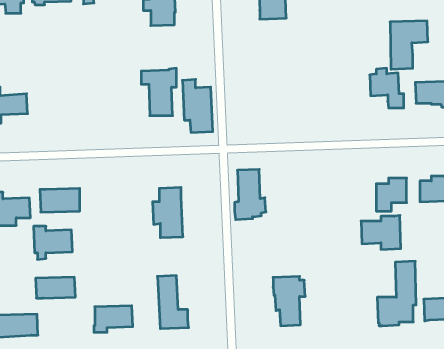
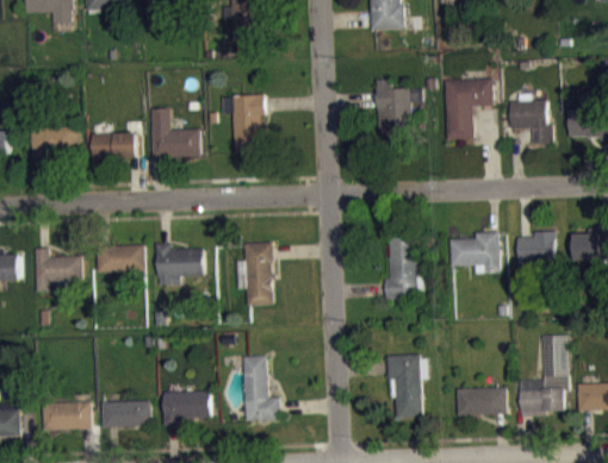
building: [390,21,428,69] -> [446,79,494,139]
building: [182,79,213,132] -> [376,79,414,145]
building: none -> [149,108,200,157]
building: none -> [92,132,137,159]
building: [235,169,266,220] -> [385,237,424,300]
building: [361,215,401,249] -> [451,231,501,274]
building: [34,226,72,259] -> [156,244,205,286]
building: [36,277,75,298] -> [101,401,151,427]
building: none -> [457,387,508,417]

